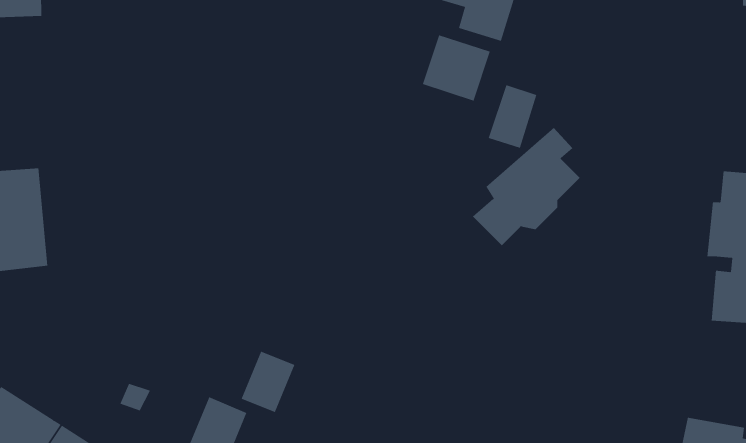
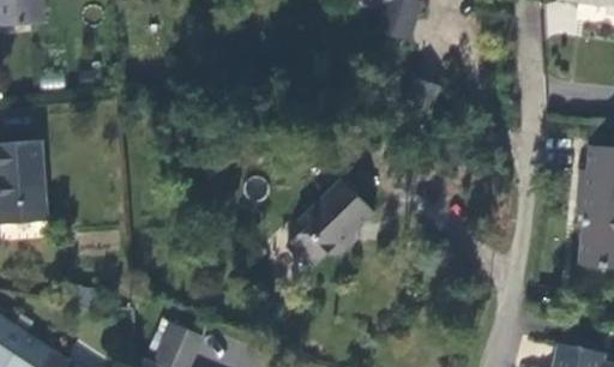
building: [422,34,490,101] -> none
building: [472,127,580,246] -> [285,170,373,266]
building: [241,351,295,413] -> none

